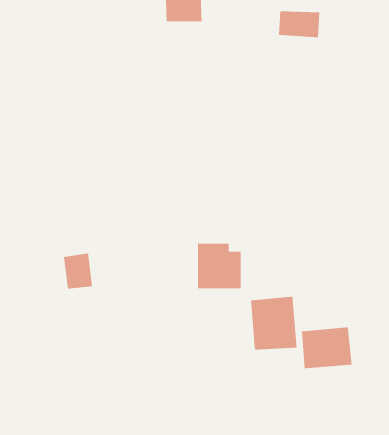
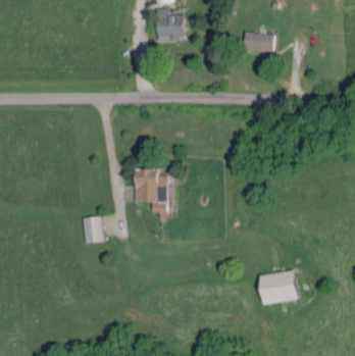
building: [197,243,242,289] -> [134,169,167,204]
building: [250,296,297,351] -> none

